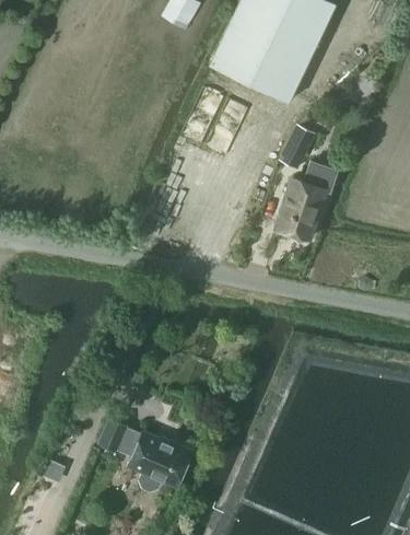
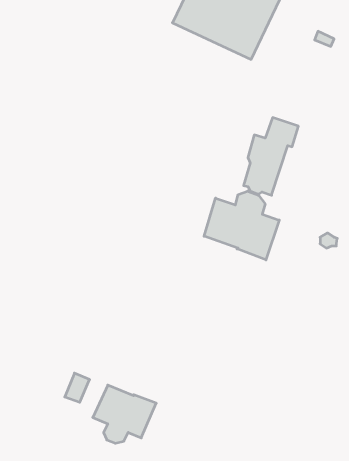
building: [279,125,314,168] -> none
building: none -> [204,191,279,260]

